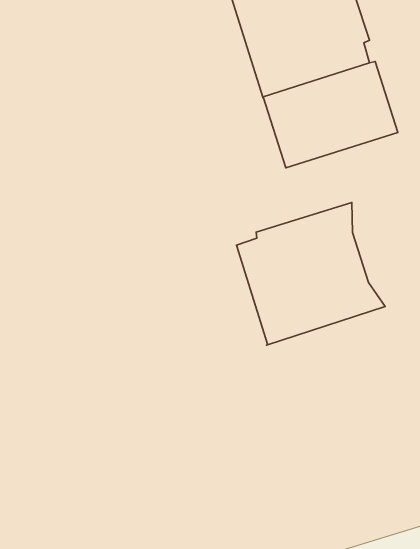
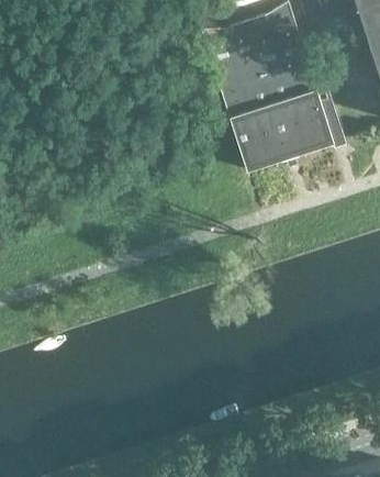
building: [236,202,385,345] -> none

